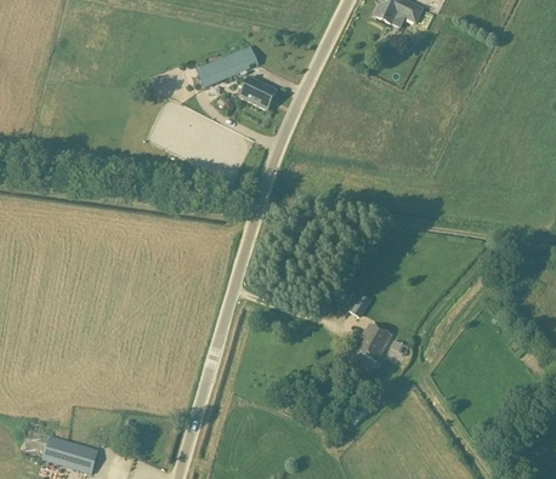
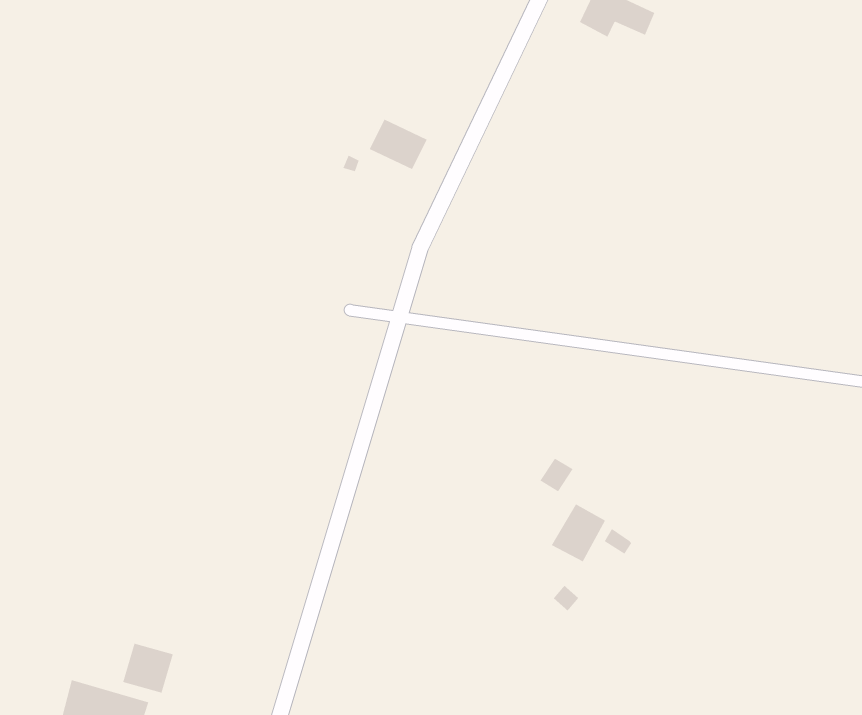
building: [197,45,257,86] -> none
building: none -> [123,643,174,694]

